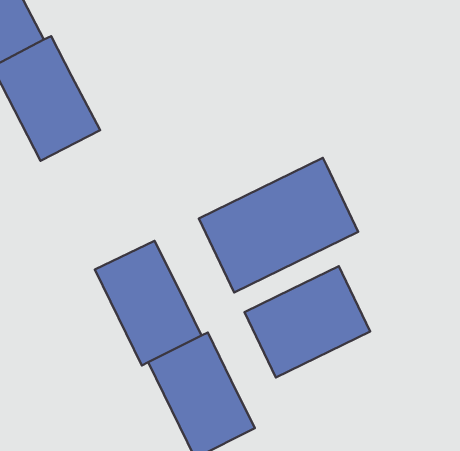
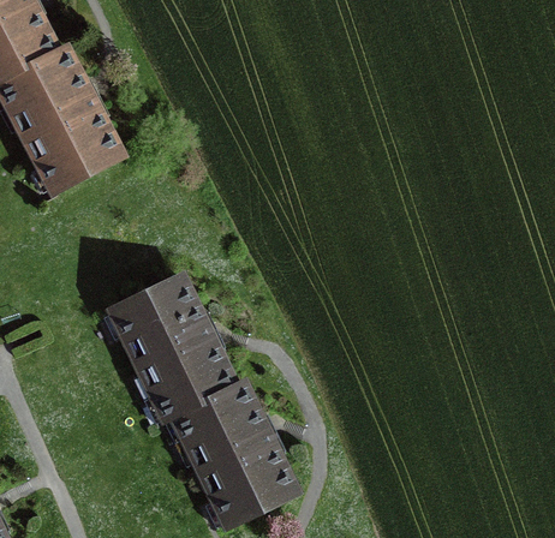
building: [199,158,358,292] -> none
building: [244,266,370,378] -> none

